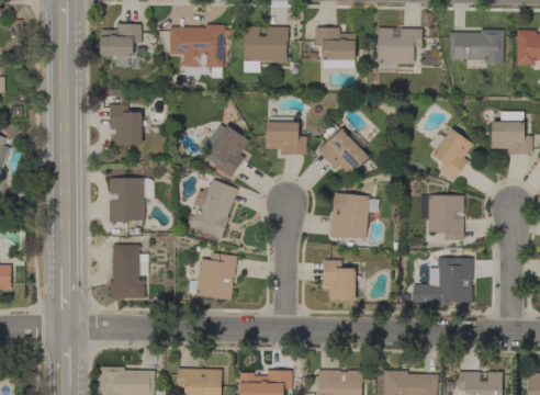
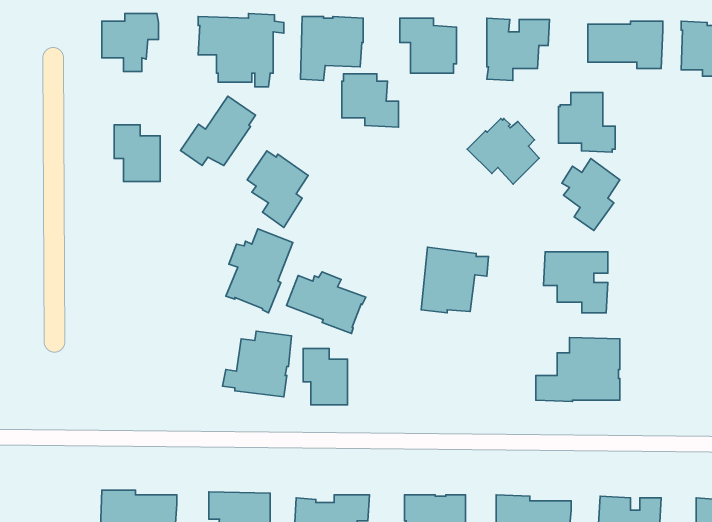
building: none -> [181,96,255,166]
building: [491,112,531,155] -> [559,93,615,152]
building: [266,116,306,155] -> [342,74,398,127]
building: [316,128,368,176] -> [467,119,539,184]
building: [109,178,151,222] -> none
building: none -> [287,272,366,334]
building: [110,244,147,298] -> none
building: [323,260,355,301] -> [303,348,347,405]

